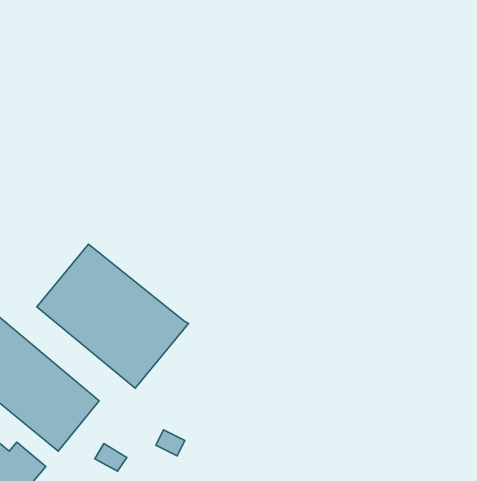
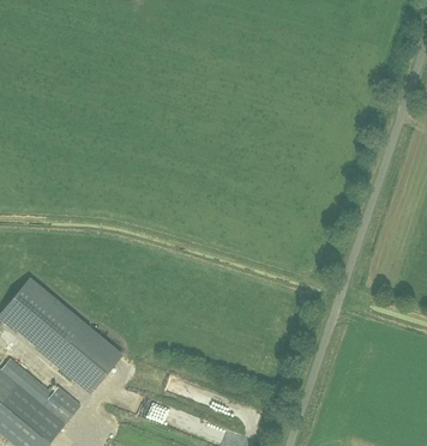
building: [37,244,188,388] -> none

